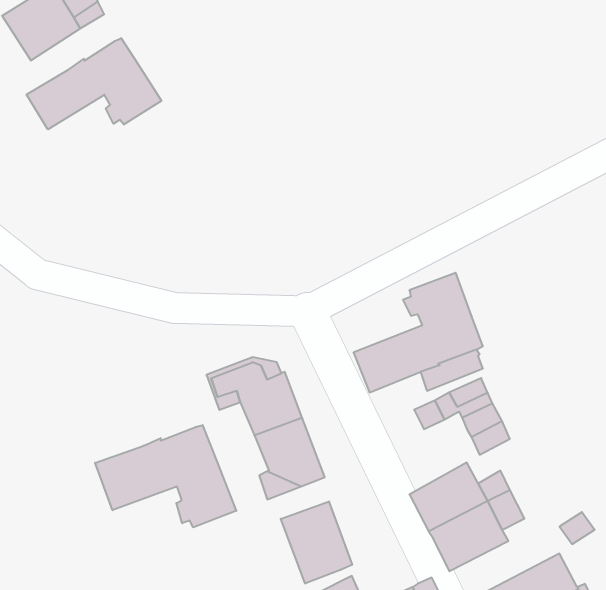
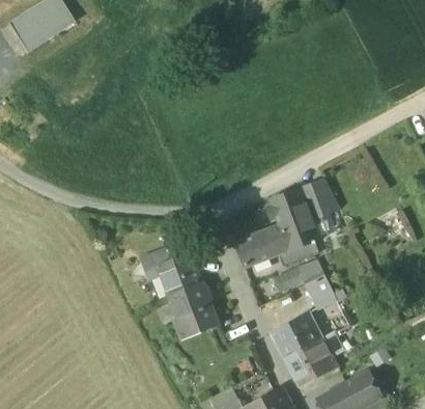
building: [27,38,161,129] -> none
building: none -> [301,181,339,218]
building: [95,425,236,527] -> none
building: [281,501,352,584] -> none

